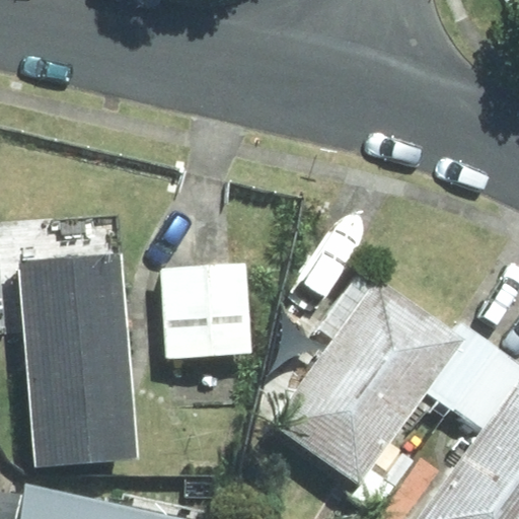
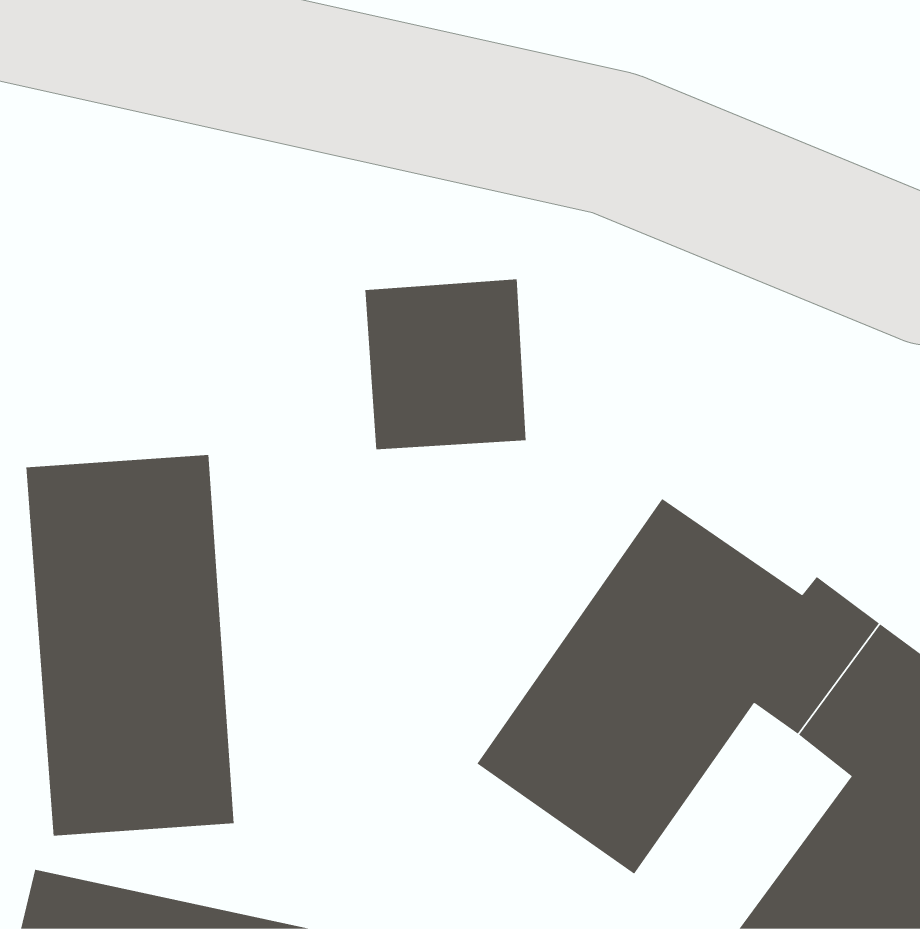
building: [161,264,251,359] -> [365,279,526,450]

